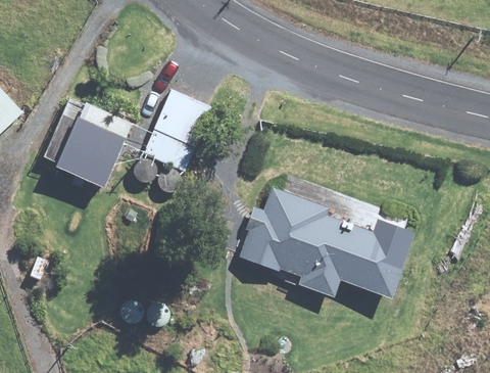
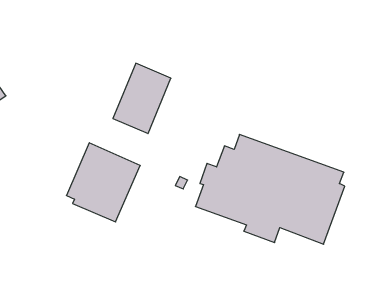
building: [43,97,129,189] -> [66,143,140,222]

